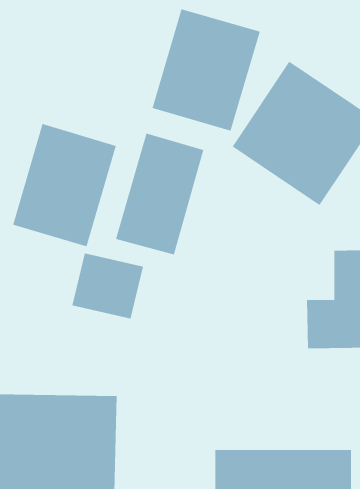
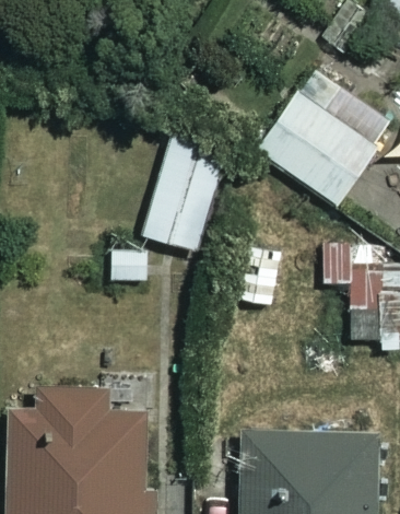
building: [152,8,260,131] -> none
building: [12,123,117,247] -> none

